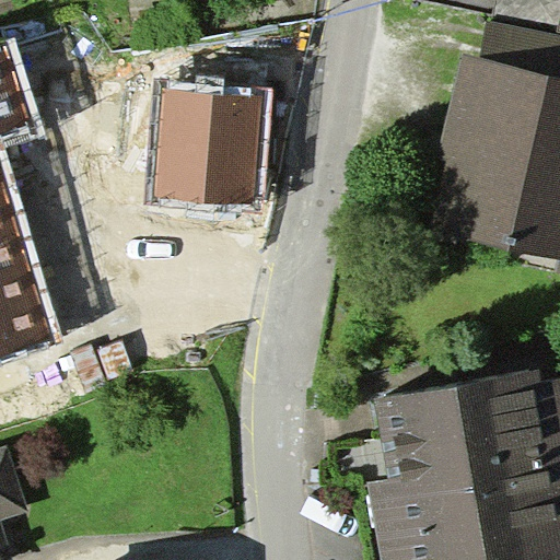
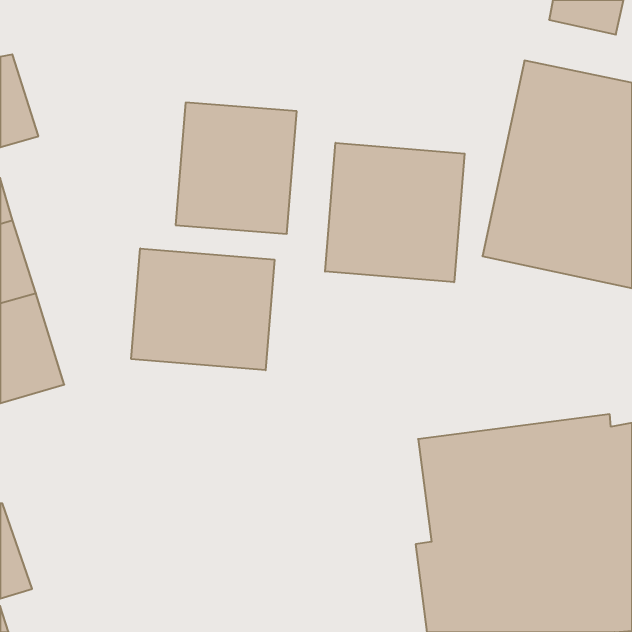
building: none -> [325,143,465,282]
building: none -> [131,248,274,370]

